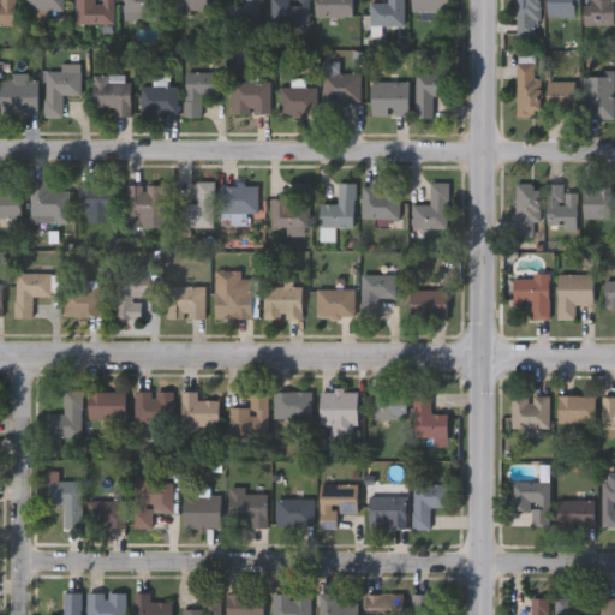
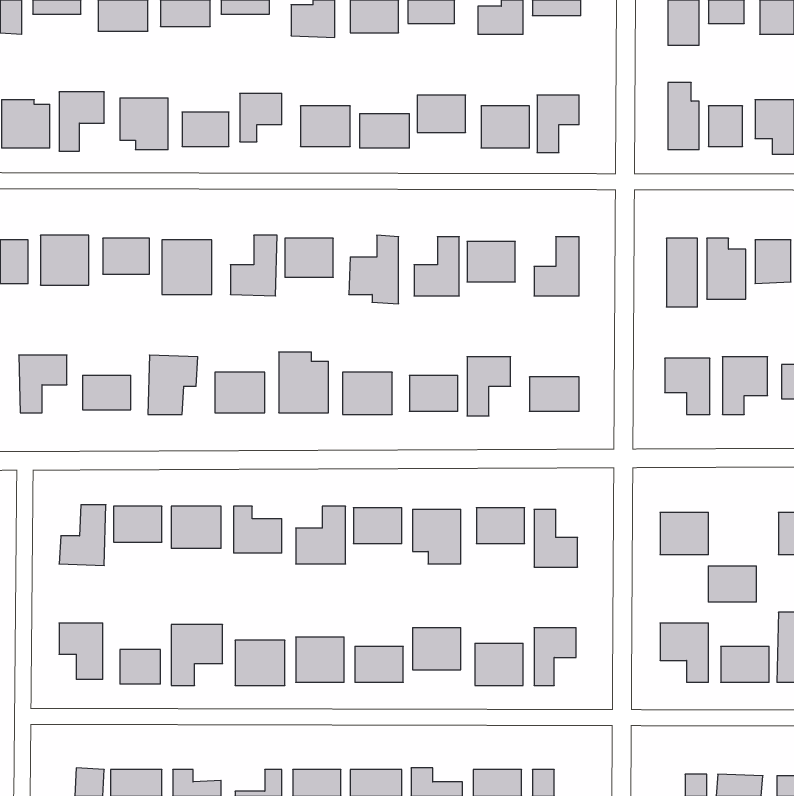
building: [557,395,595,423] -> [708,566,756,602]

